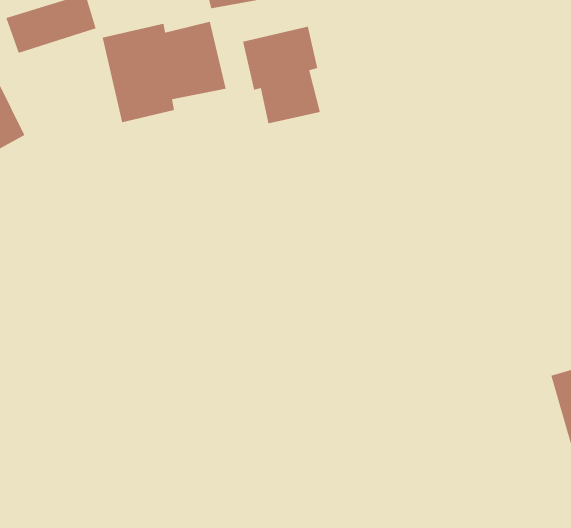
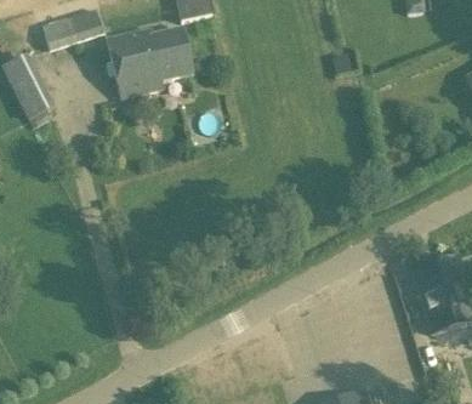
building: [242,26,321,124] -> none

